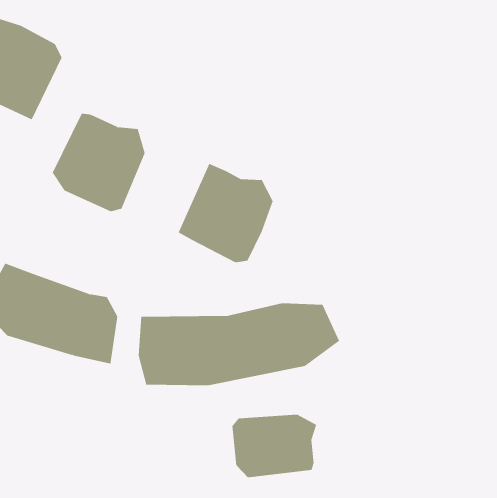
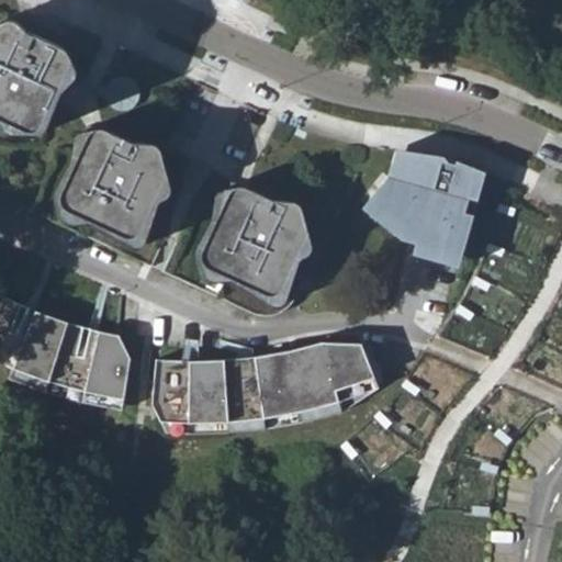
building: none -> [368,150,505,269]
building: [232,414,317,478] -> none

